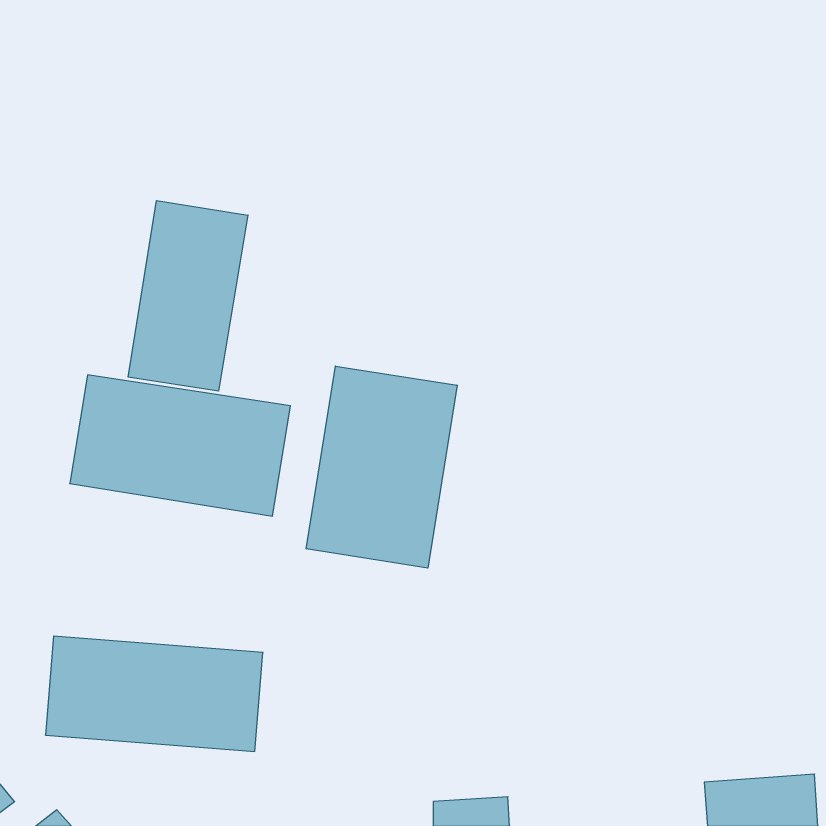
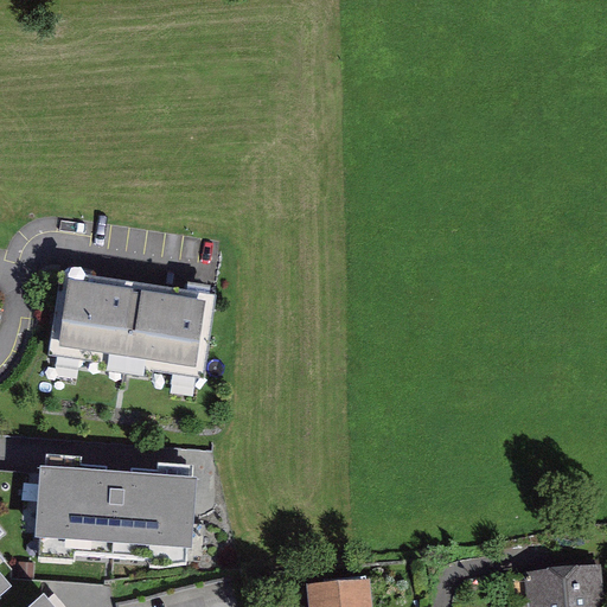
building: [128,201,248,391] -> none
building: [306,366,457,568] -> none

